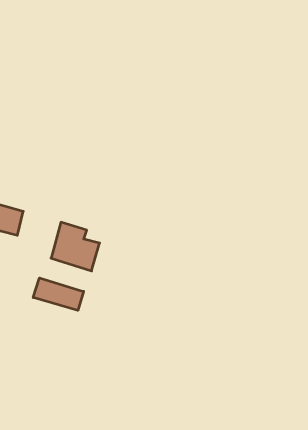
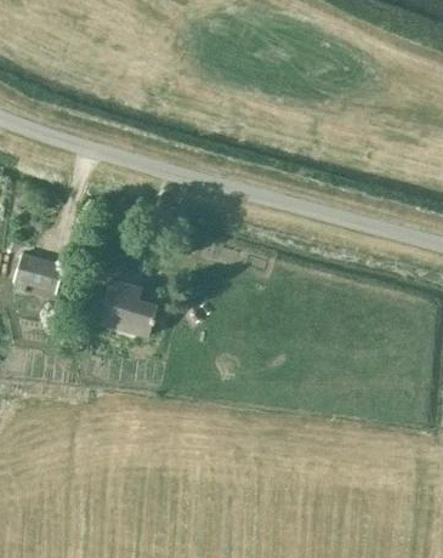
building: [33,278,84,310] -> none

